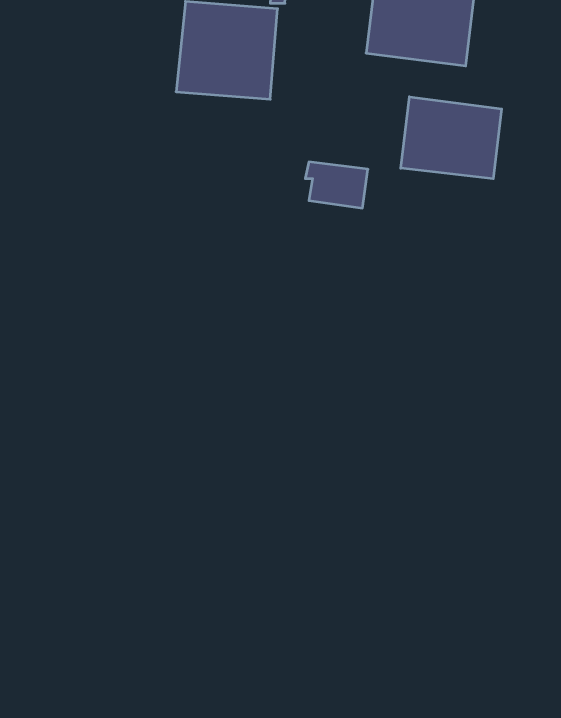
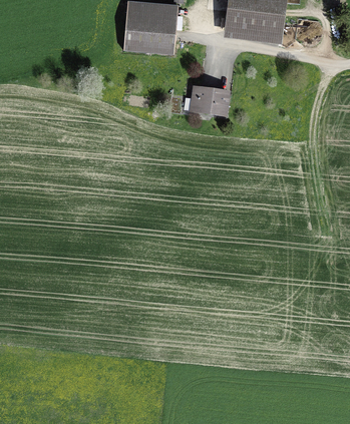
building: [401,97,502,179] -> none

